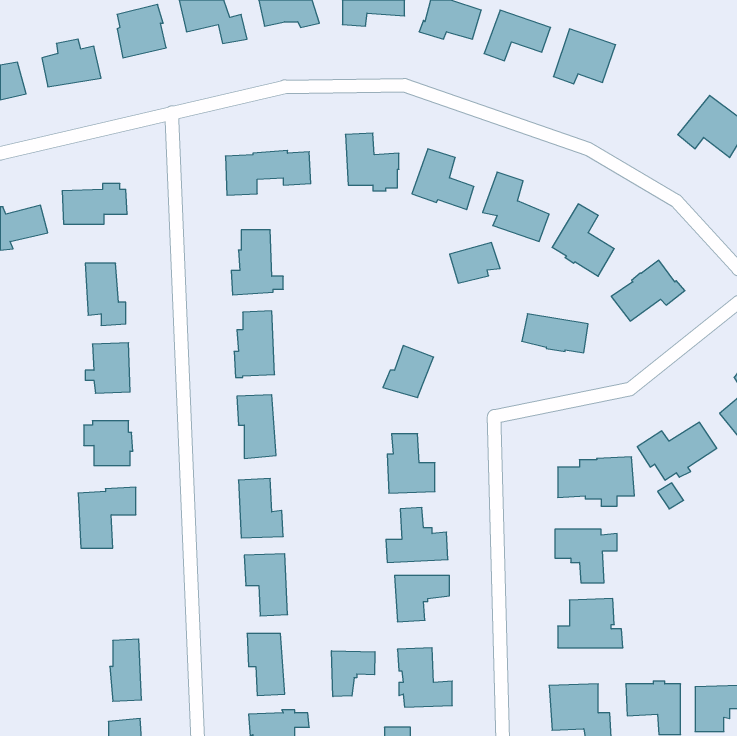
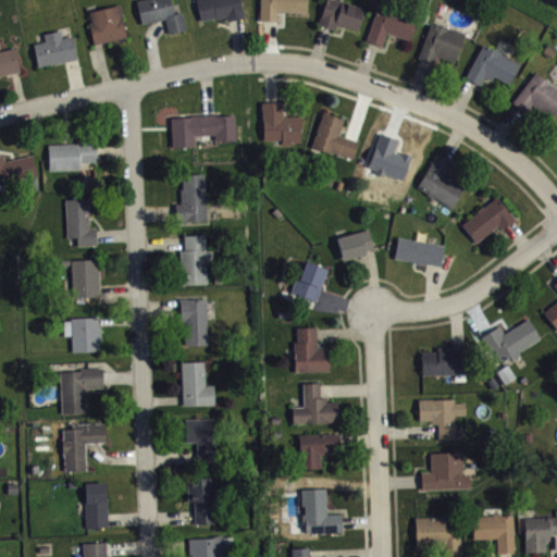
building: none -> [465,47,519,87]
building: [450,243,500,283] -> [336,231,374,261]
building: none -> [62,424,106,472]
building: [332,651,375,697] -> none

